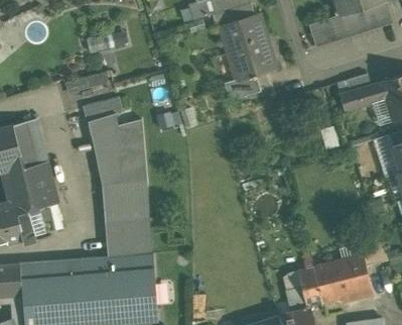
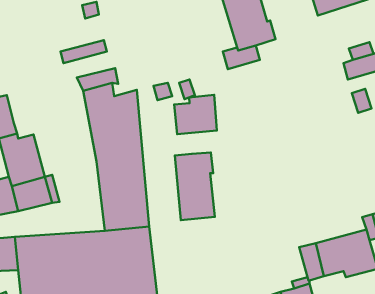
building: [12,121,42,152] -> none
building: none -> [174,95,217,134]
building: none -> [175,152,215,220]

